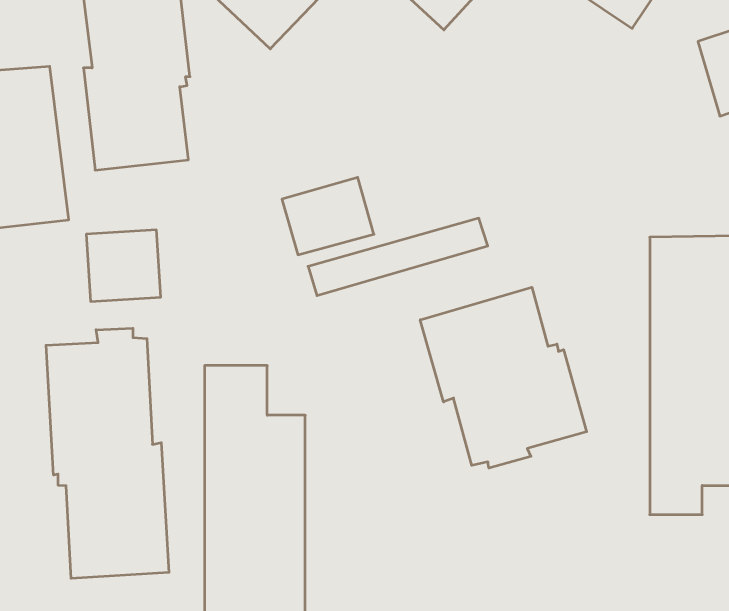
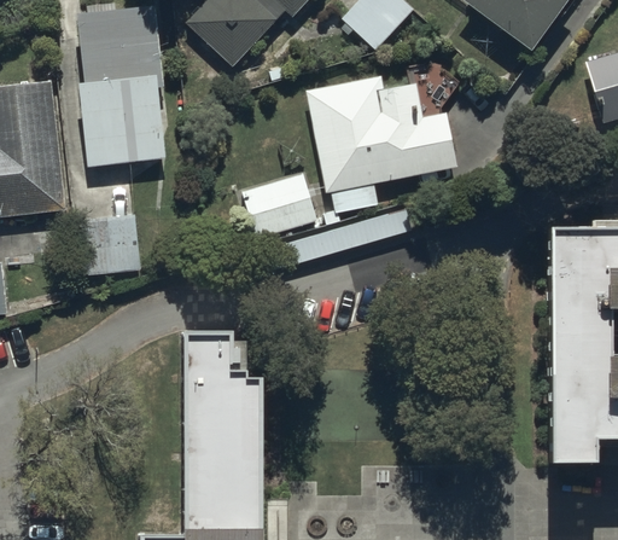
building: none -> [307,76,459,214]
building: [420,287,587,468] -> none
building: [46,328,169,578] -> none

